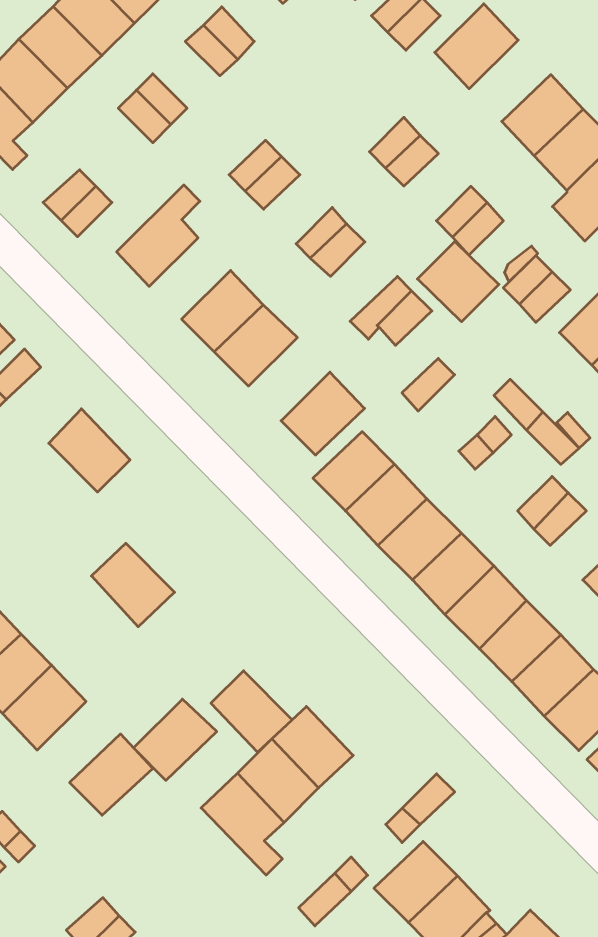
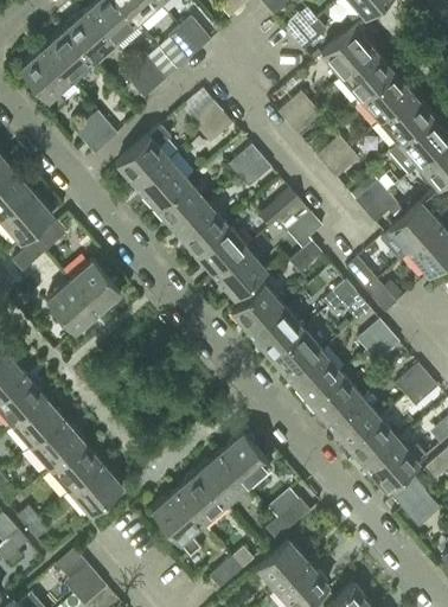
building: none -> [341,47,392,97]
building: none -> [136,159,187,209]
building: [417,242,499,322] -> none
building: none -> [194,224,245,275]
building: [91,543,175,627] -> [46,281,97,333]
building: [211,671,292,752] -> [219,434,269,485]
building: [134,699,217,780] -> [51,442,103,492]

